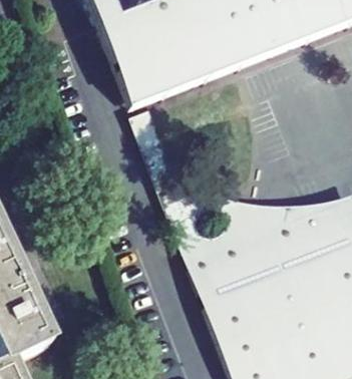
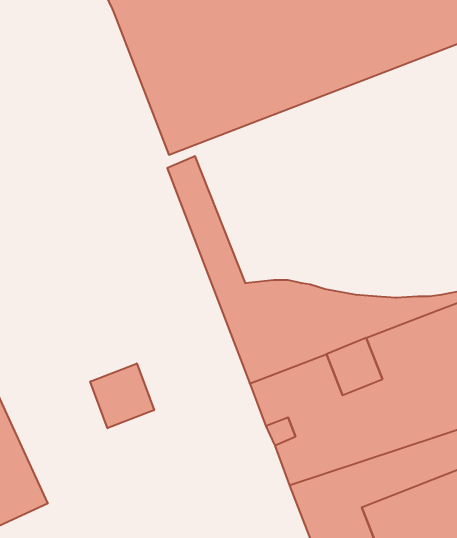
building: none -> [90,363,154,428]

